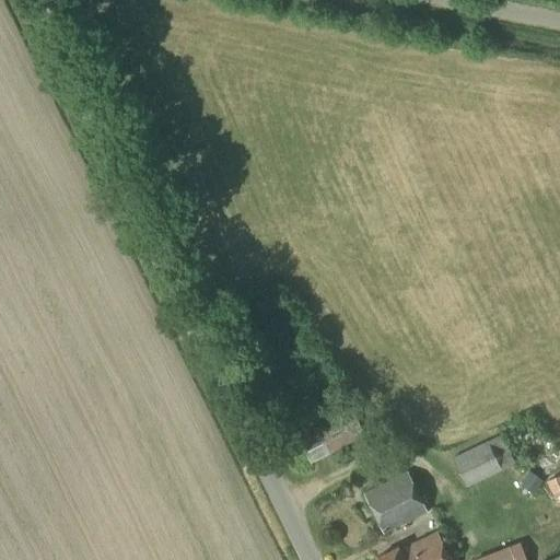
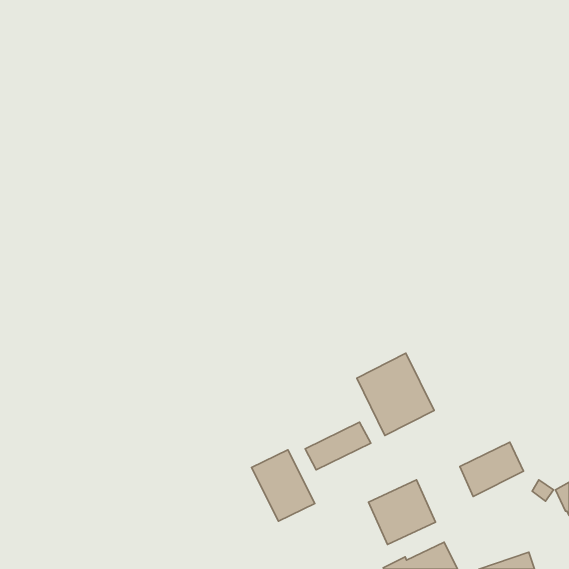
building: none -> [357,353,434,435]
building: none -> [252,450,315,521]

